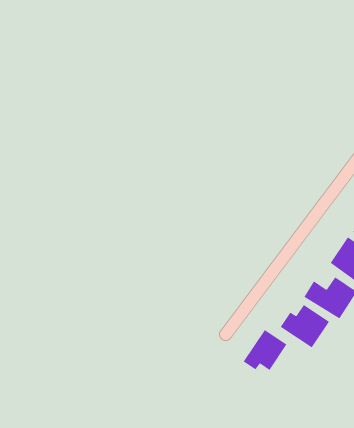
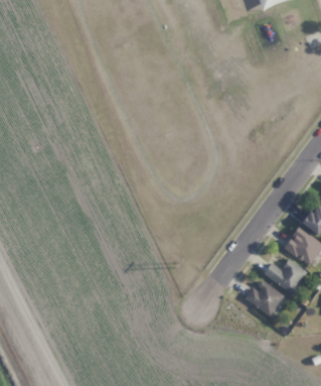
building: [243,329,287,371] -> none

